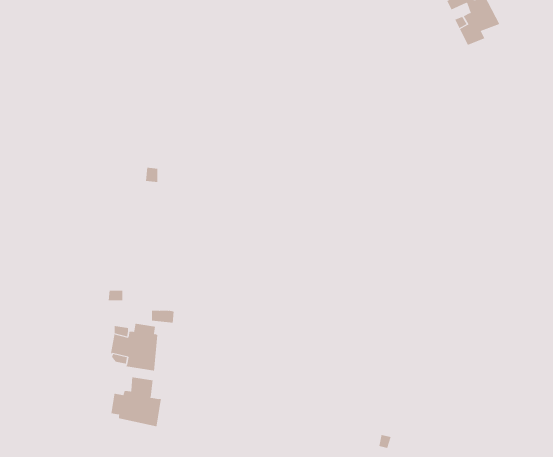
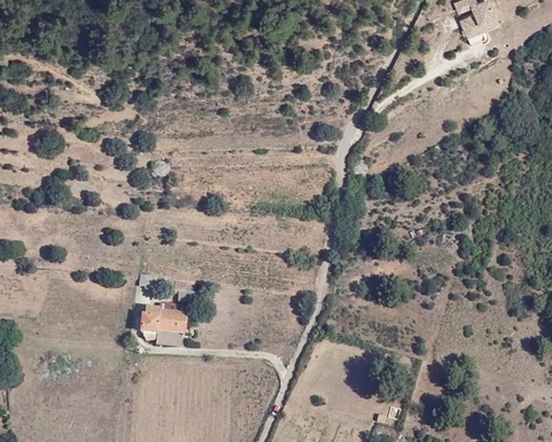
building: [111,377,161,427] -> none

